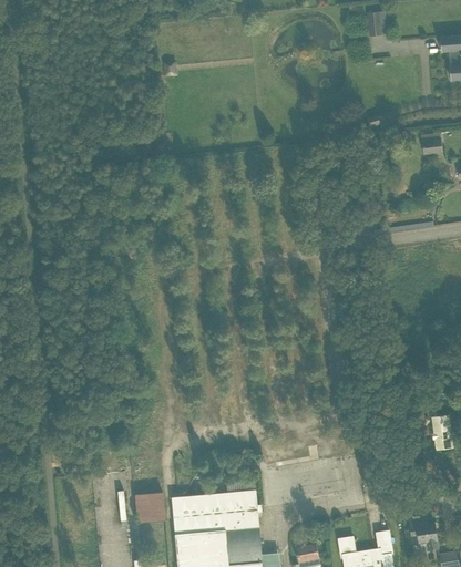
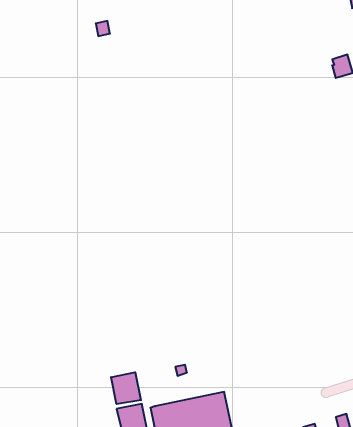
building: none -> [111,372,141,404]

